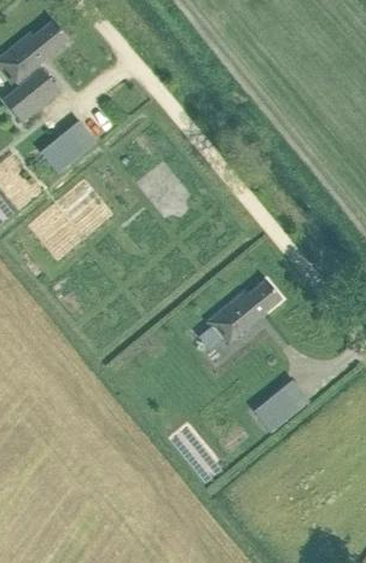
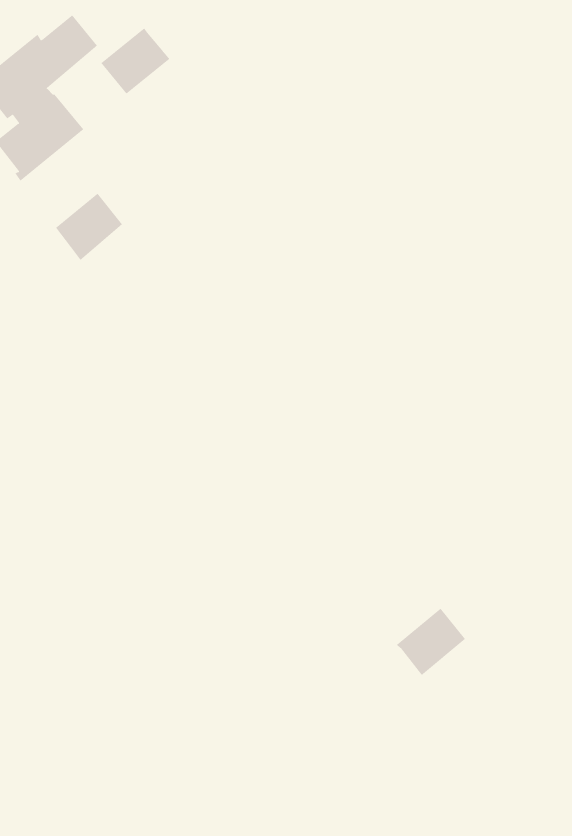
building: none -> [101,27,170,94]
building: [208,279,281,344] -> none

